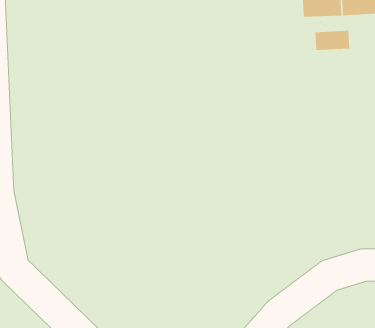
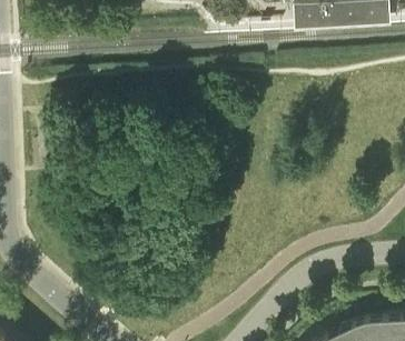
building: [314,30,350,51] -> none

